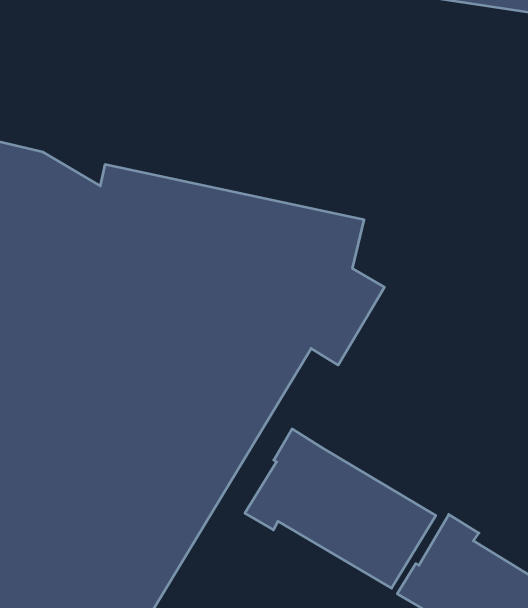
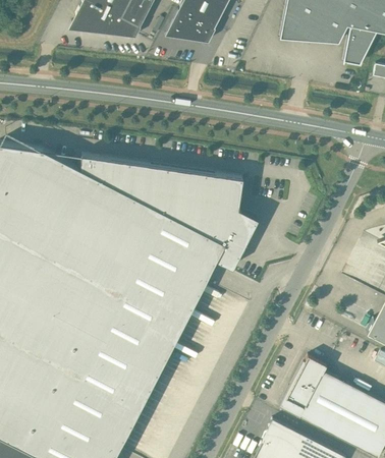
building: [245,429,436,588] -> none

